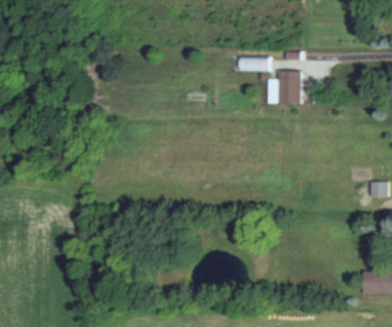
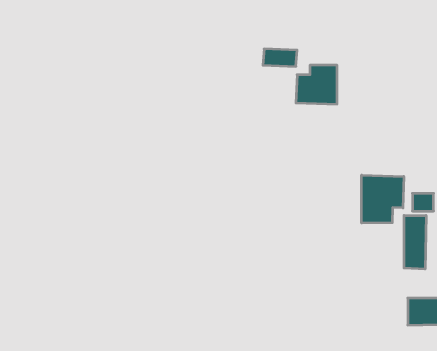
building: none -> [362,175,404,223]
building: none -> [404,215,426,269]

